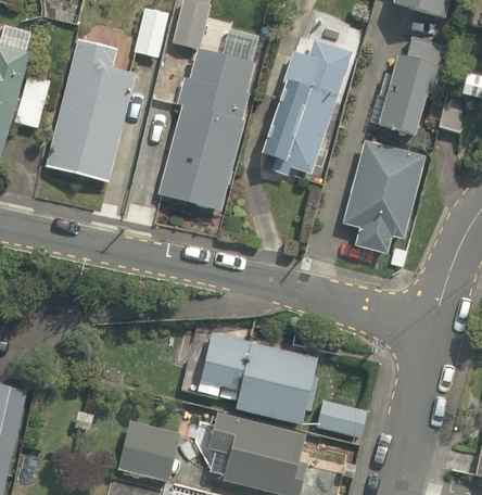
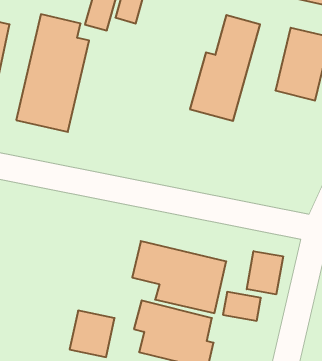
building: [163,52,259,210] -> none
building: [343,143,423,259] -> none
building: none -> [247,251,283,294]

